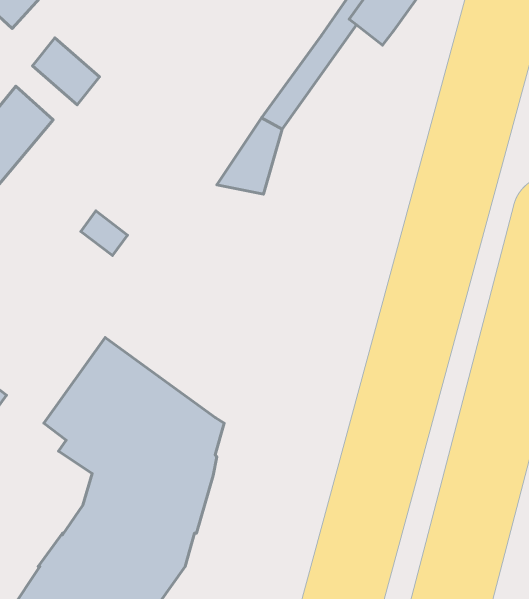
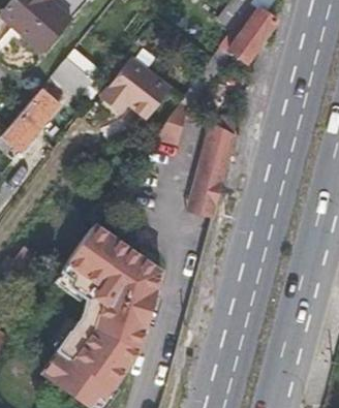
building: none -> [97,53,172,119]
building: none -> [186,120,236,217]

